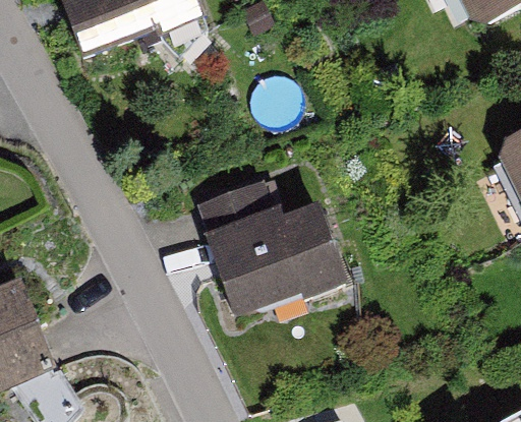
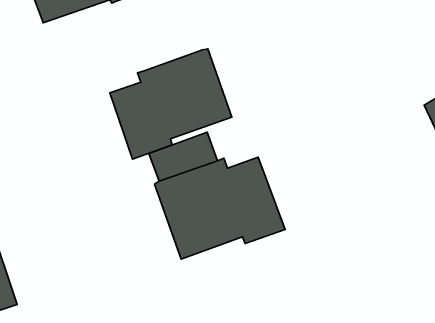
building: none -> [110,49,232,159]

